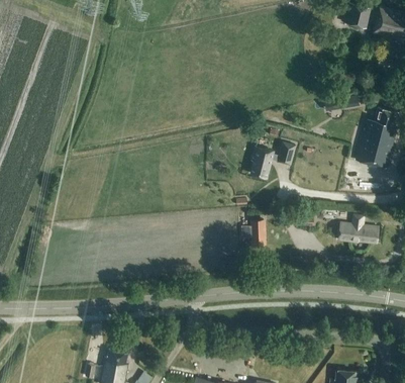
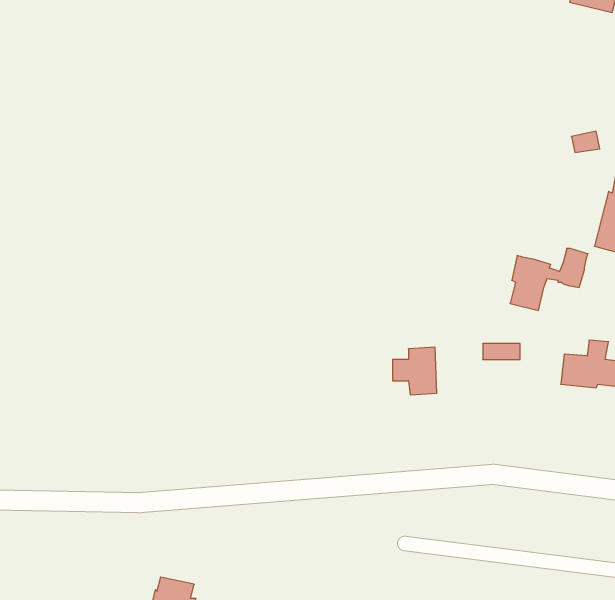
building: [249,141,294,177] -> [510,248,588,310]

